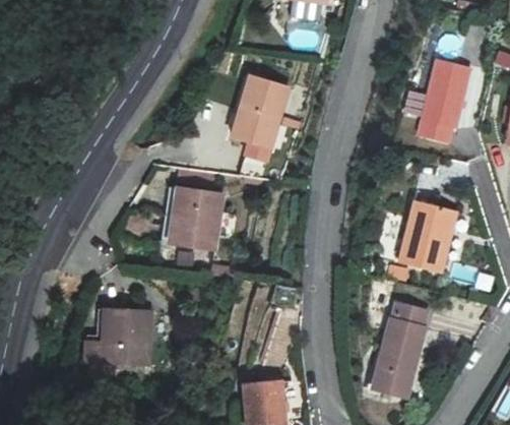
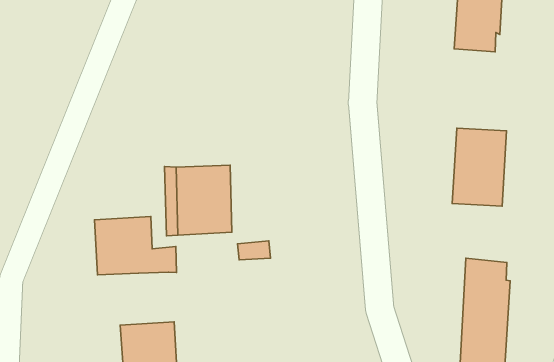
building: [243,76,291,180] -> none
building: none -> [94,217,176,275]

